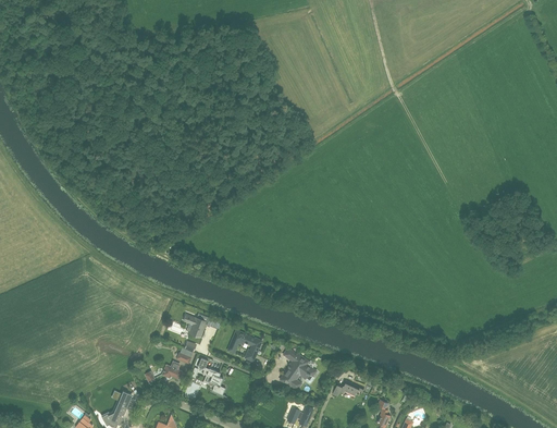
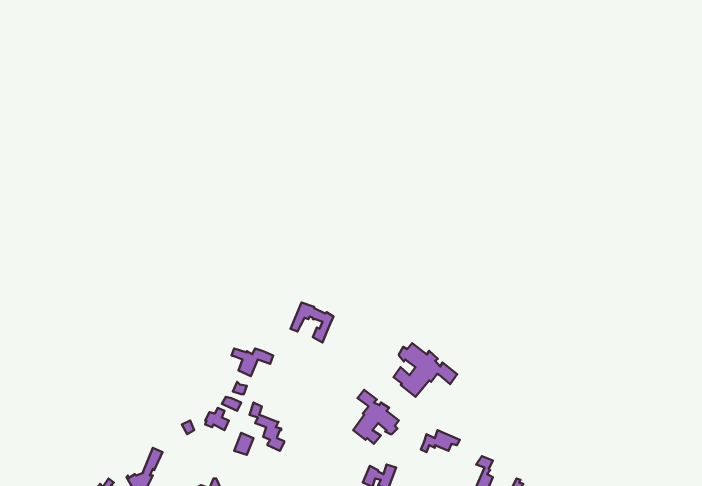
building: none -> [393,343,457,397]
building: [227,330,261,362] -> [291,303,333,343]

